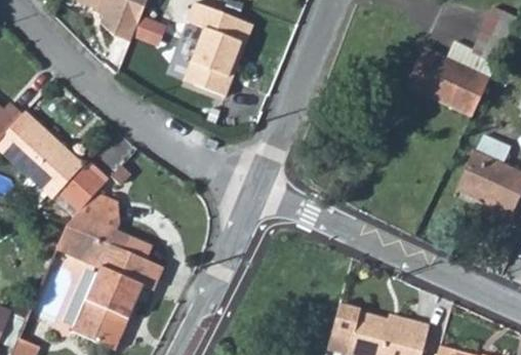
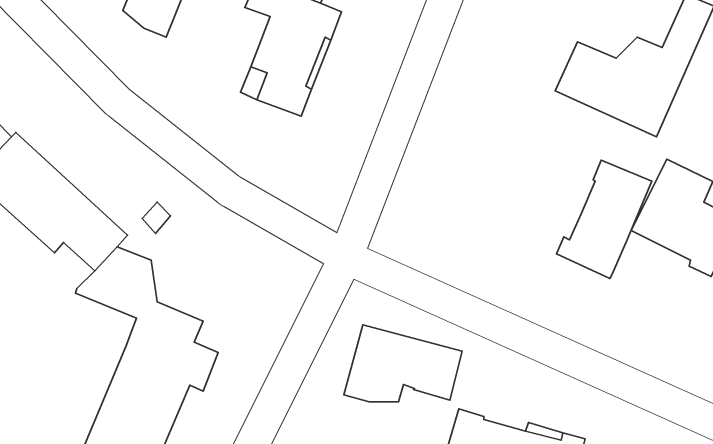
building: none -> [556,160,652,279]
building: [63,222,113,259] -> none
building: none -> [344,325,462,402]

